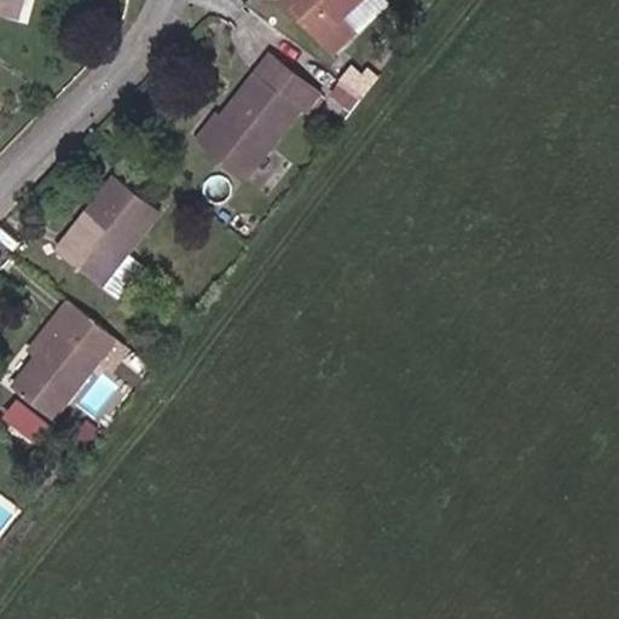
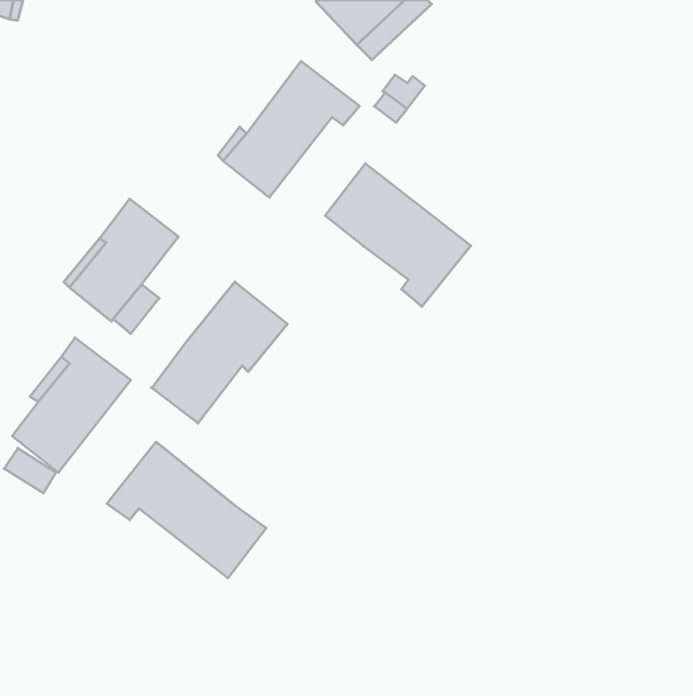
building: none -> [325,163,471,307]
building: none -> [151,282,287,423]
building: none -> [107,442,266,578]

